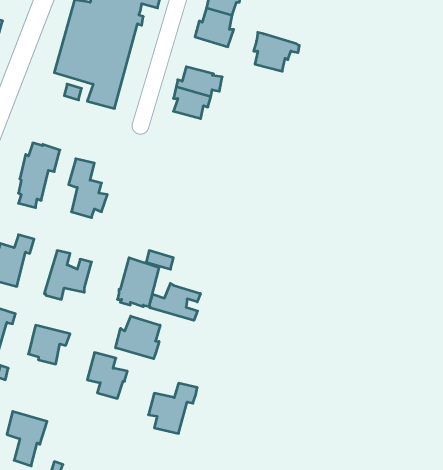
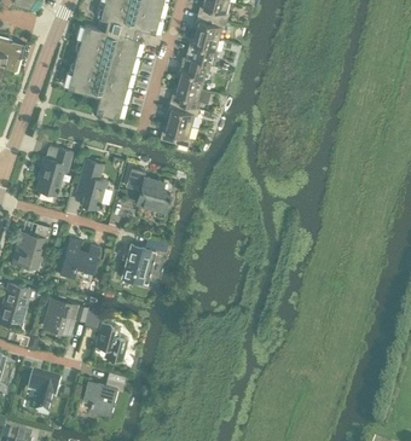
building: [254,32,299,71] -> [178,57,216,89]
building: none -> [160,121,191,147]
building: none -> [127,169,170,214]
building: [149,283,200,320] -> none
building: [116,316,160,359] -> none
building: [148,383,197,433] -> [83,373,125,416]

